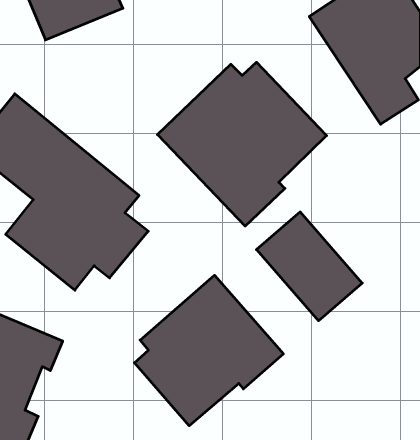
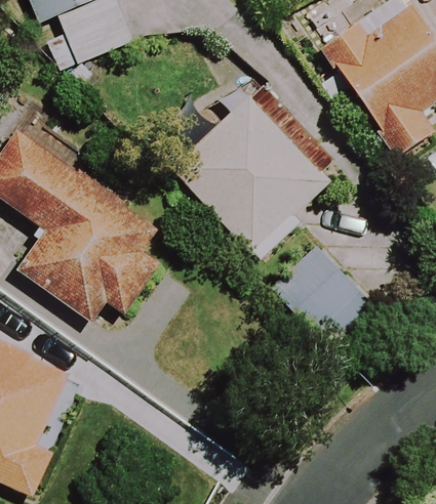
building: [134,275,283,426] -> none

